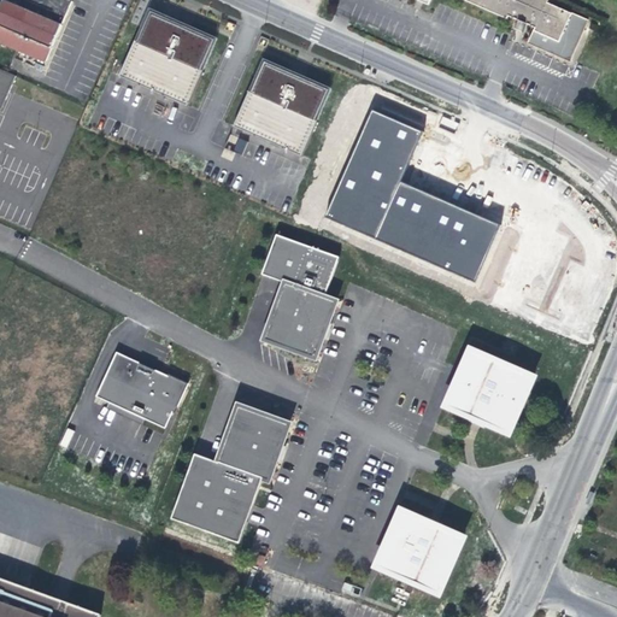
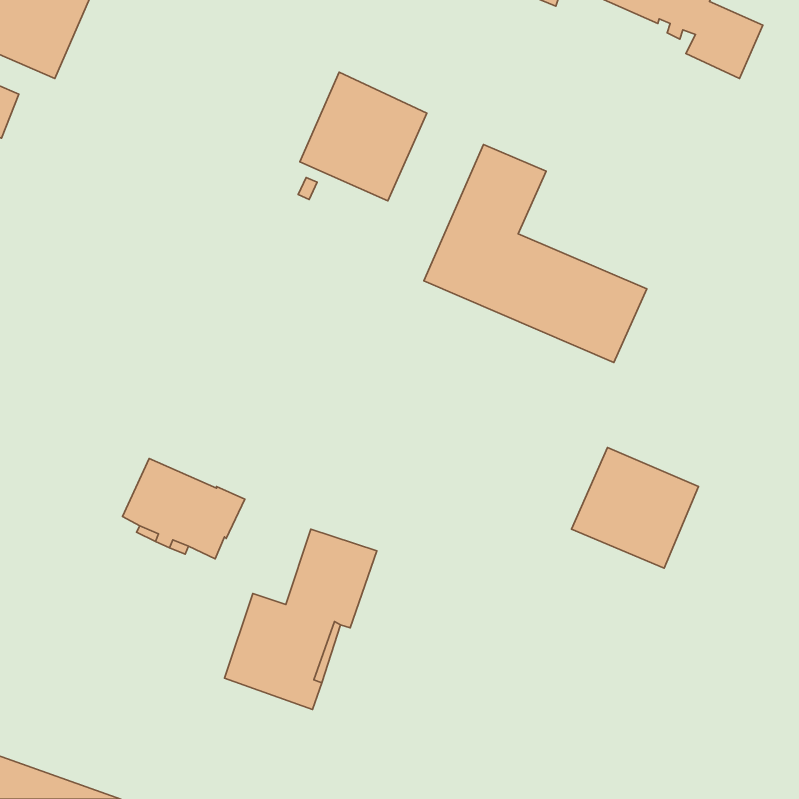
building: [116,6,213,104] -> none
building: [258,233,336,360] -> none
building: [370,504,466,597] -> none

